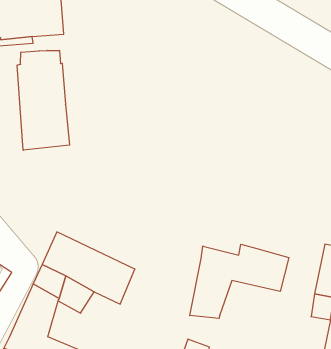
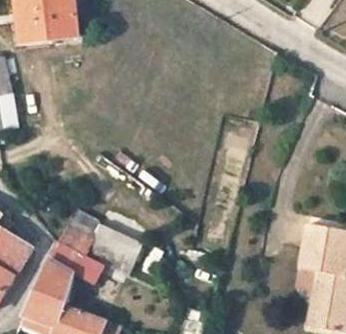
building: [17,50,69,150] -> none
building: [190,244,289,318] -> none

